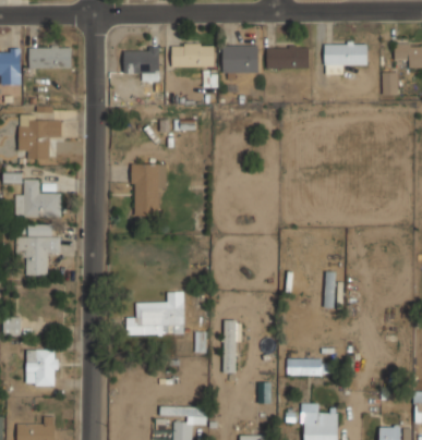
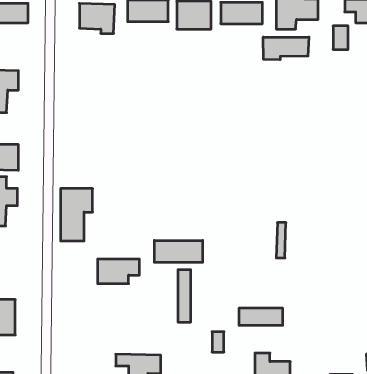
building: none -> [263,37,309,60]
building: [133,163,166,217] -> [61,189,93,241]
building: none -> [154,240,203,262]

